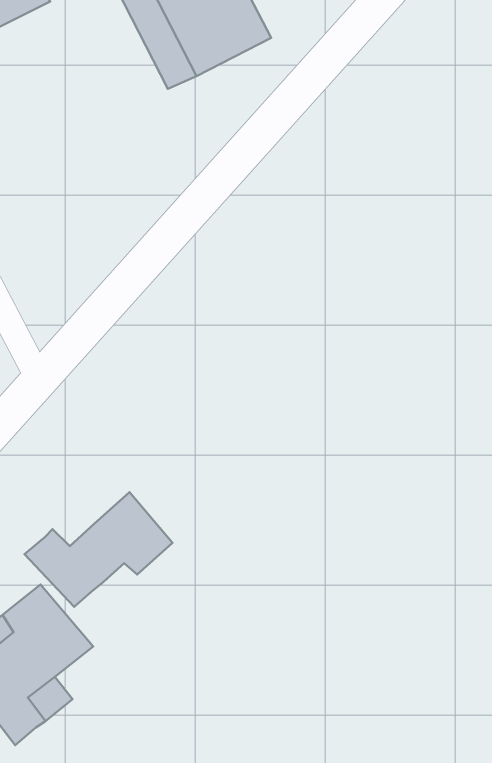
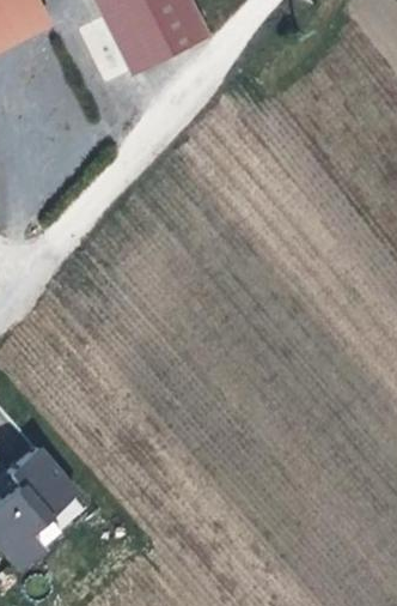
building: [25,492,172,607] -> none

